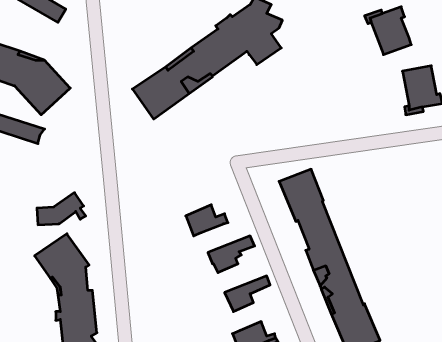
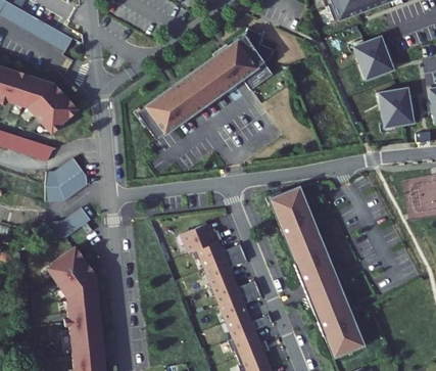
building: none -> [46,159,90,202]
building: none -> [198,236,243,263]
building: none -> [213,273,258,299]
building: none -> [228,309,272,334]

